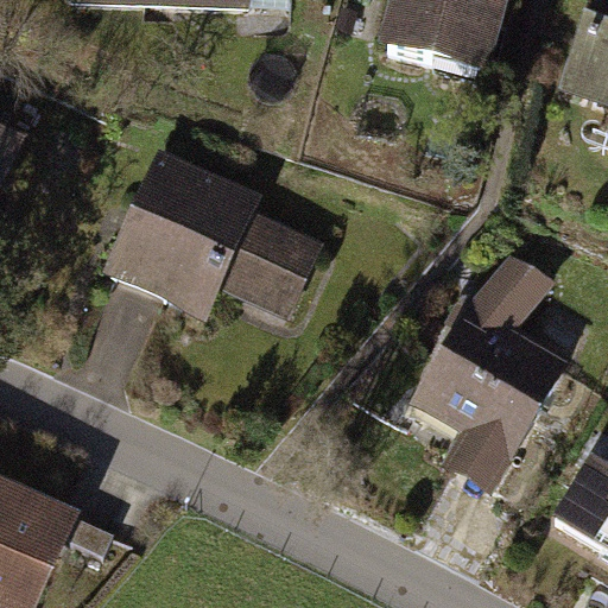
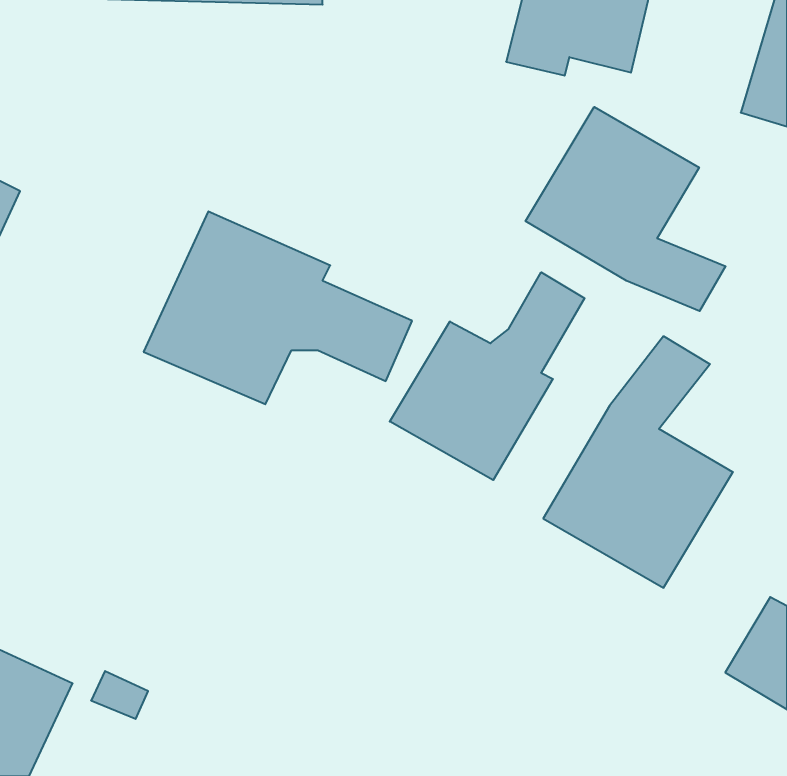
building: none -> [526,107,726,311]
building: none -> [390,272,585,480]

